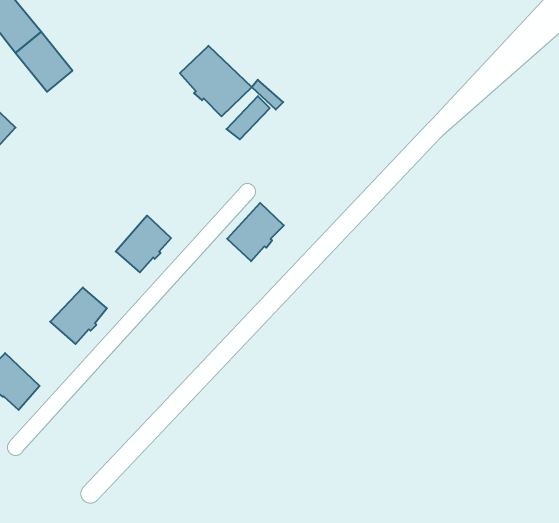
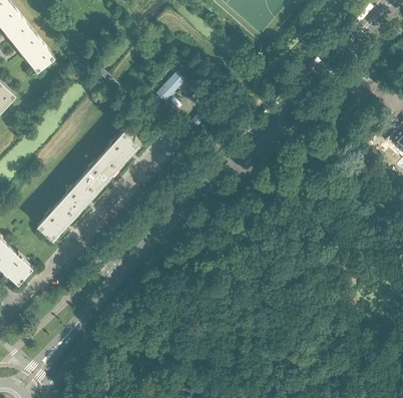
building: [180,46,252,116] -> none
building: [227,203,284,261] -> [102,130,140,169]
building: none -> [59,178,97,217]

